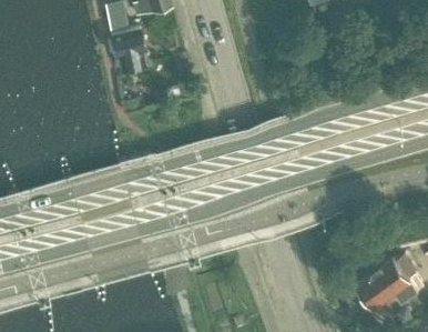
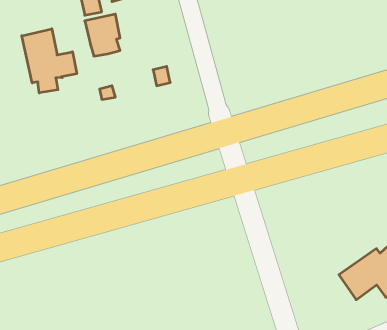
building: none -> [22,29,77,93]

